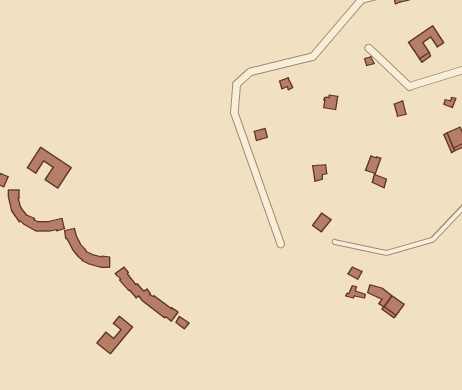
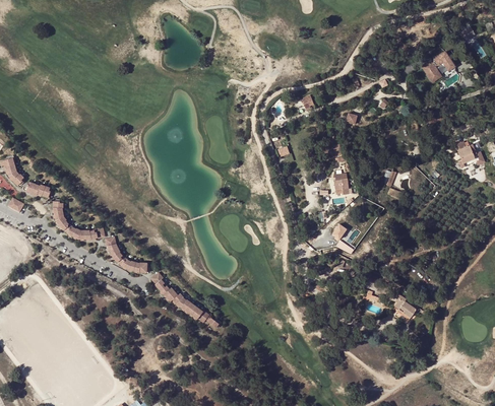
building: [27,147,71,188] -> none
building: [97,316,133,354] -> none

